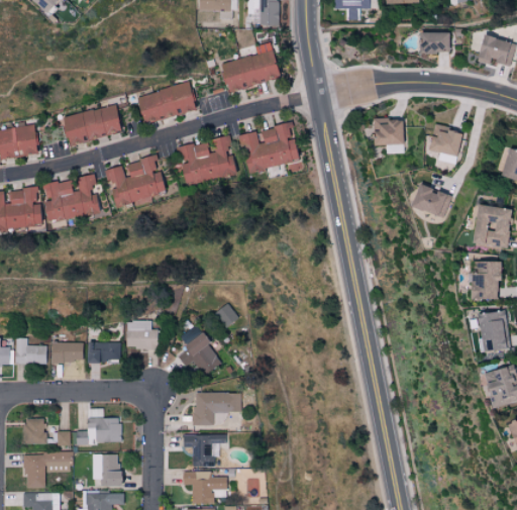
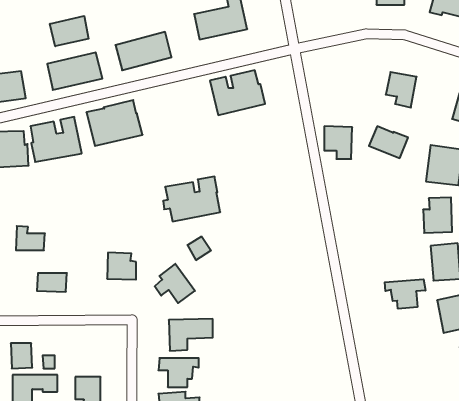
building: none -> [50,16,89,46]
building: [374,118,404,154] -> [324,126,352,159]
building: [175,135,236,184] -> [163,177,220,221]
building: [16,337,47,364] -> [16,226,45,250]
building: [87,341,121,363] -> none
building: none -> [385,279,425,309]
building: [77,417,121,443] -> none

